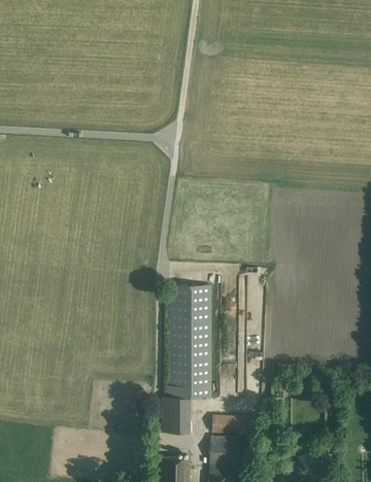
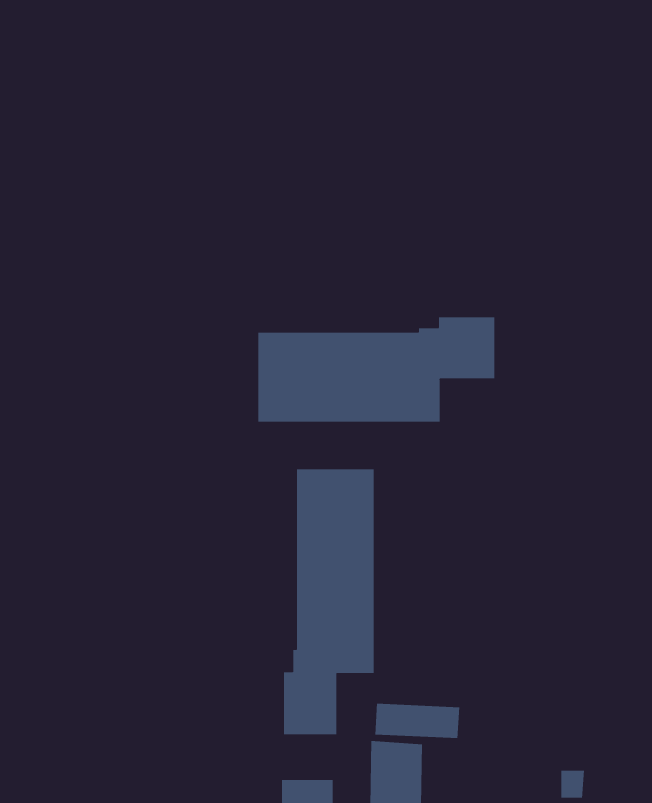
building: none -> [258,317,495,422]

